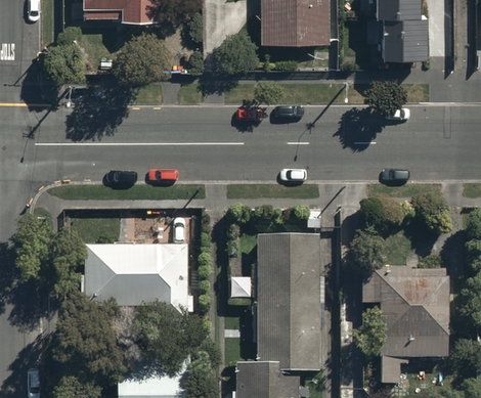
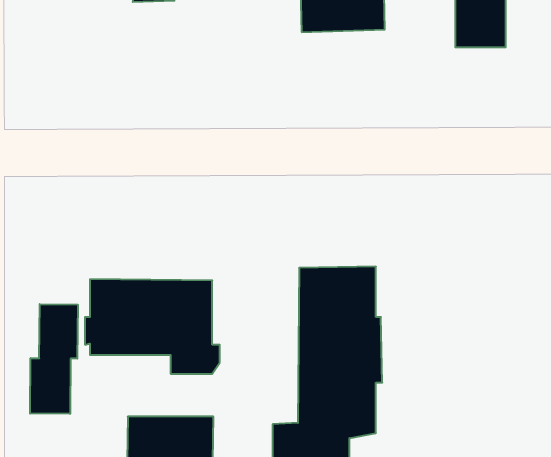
building: none -> [30,304,78,414]
building: [367,268,448,383] -> none

